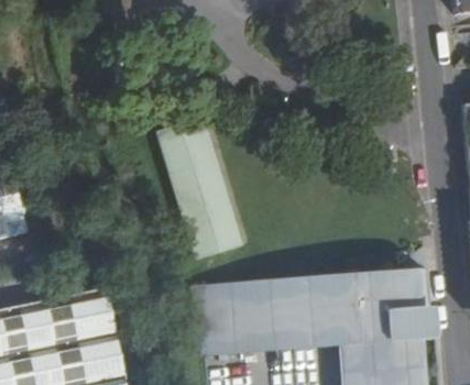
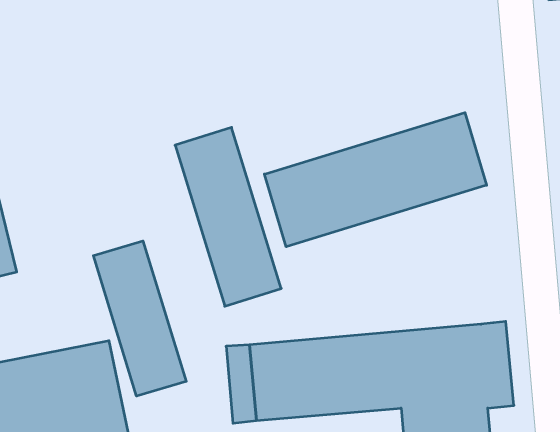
building: none -> [264,113,487,247]
building: none -> [93,241,186,396]

